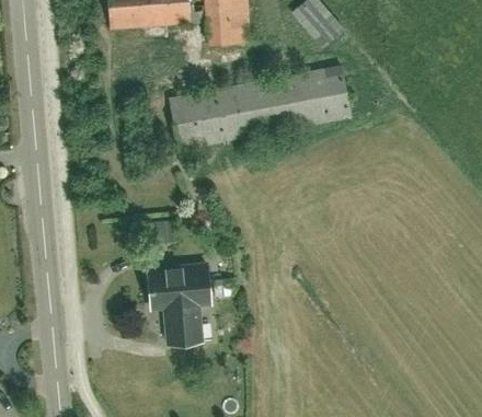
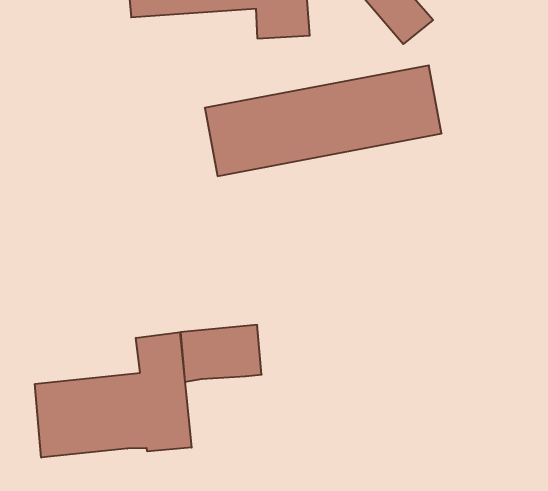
building: none -> [35,332,192,458]
building: [165,304,203,344] -> none

